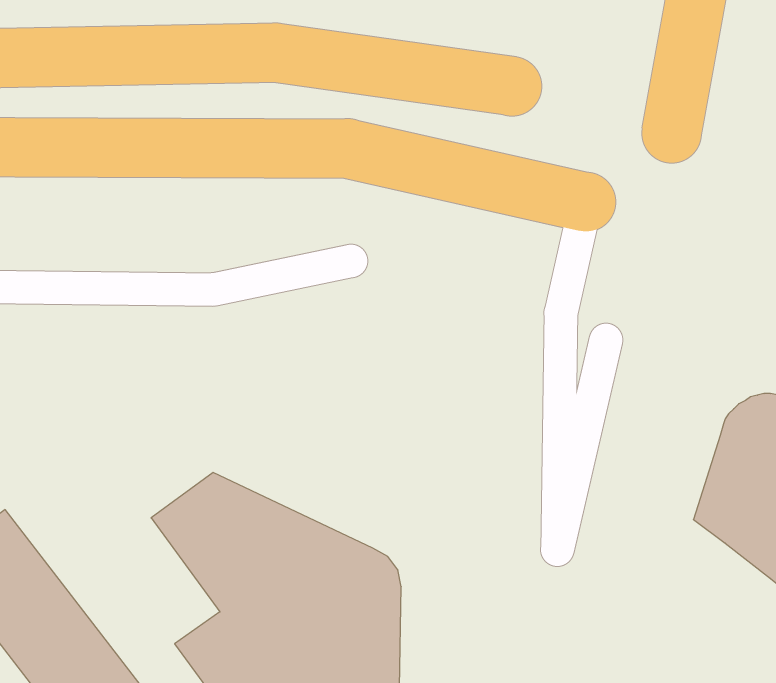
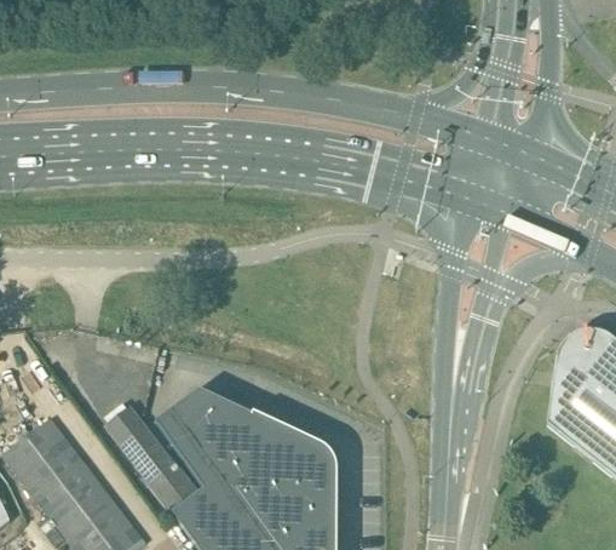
building: none -> [108,411,198,514]

